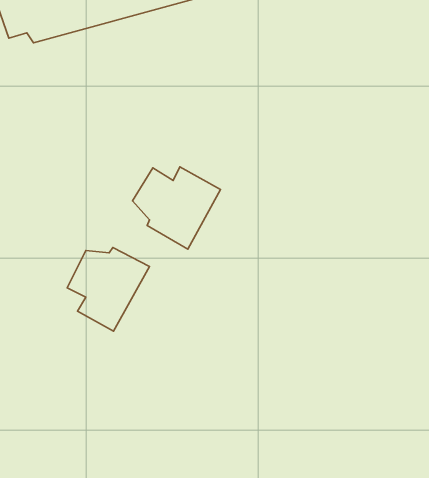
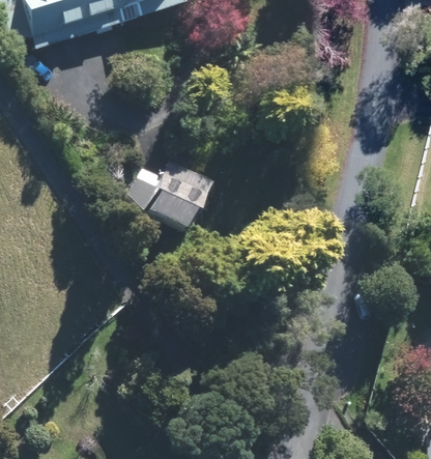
building: [67,247,150,331] -> none

